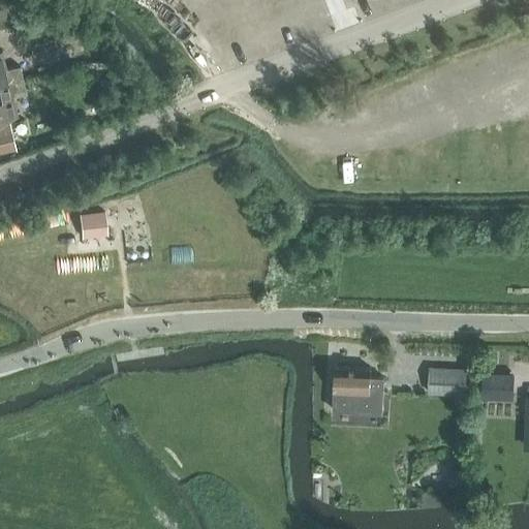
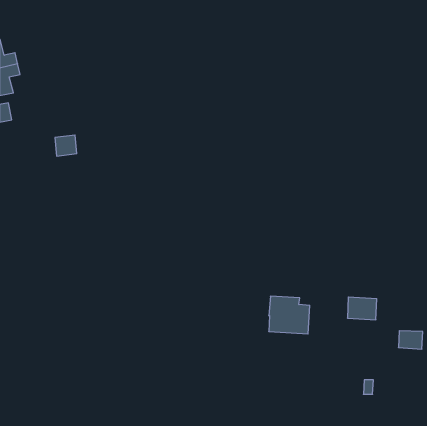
building: [80,214,106,240] -> [55,135,77,156]
building: [481,376,511,399] -> [398,331,423,349]

